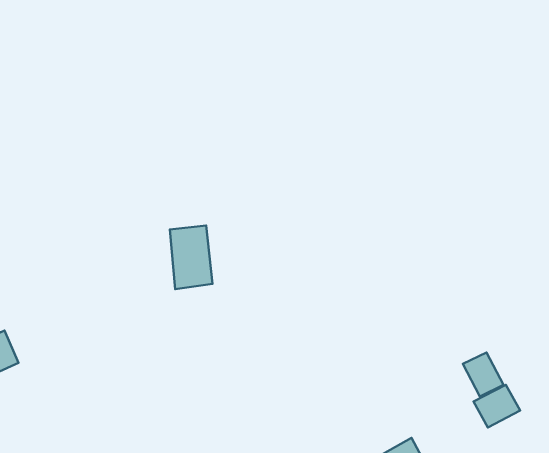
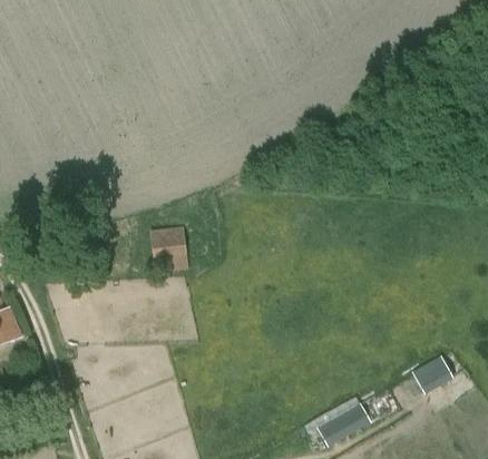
building: [463,352,503,397] -> none

